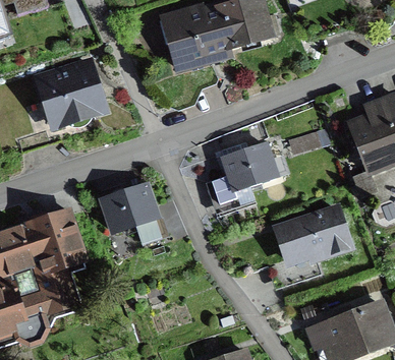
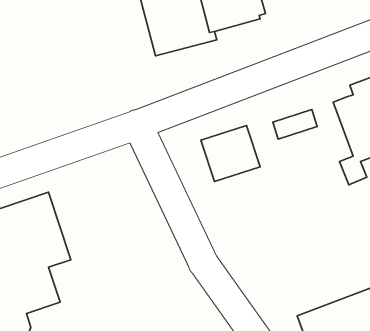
building: [35,60,106,125] -> none
building: [103,183,164,237] -> none
building: [271,208,349,269] -> none

